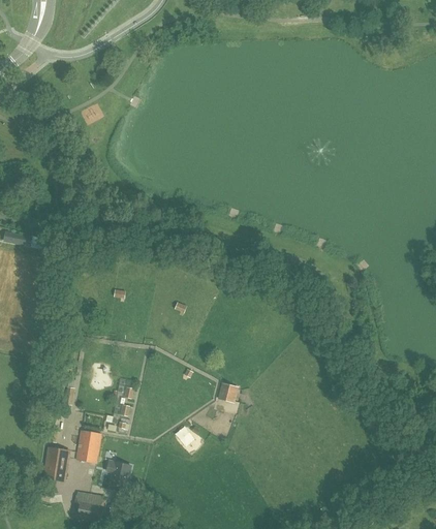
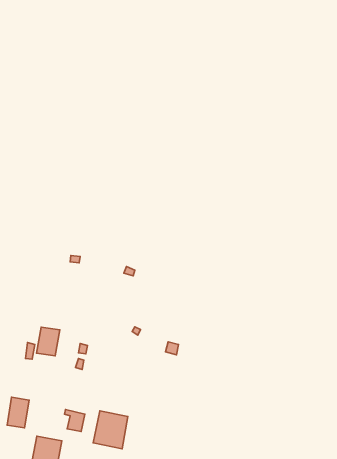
building: [75,430,101,462] -> [37,327,60,356]
building: none -> [93,411,128,449]

